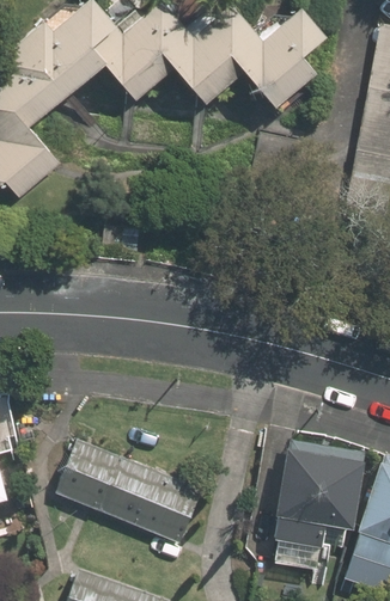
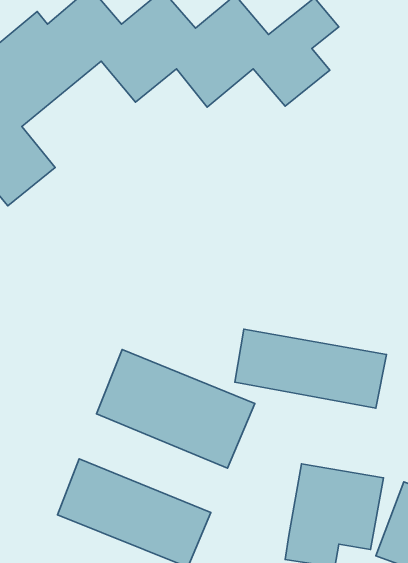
building: none -> [235,329,386,408]
building: none -> [97,350,255,468]

